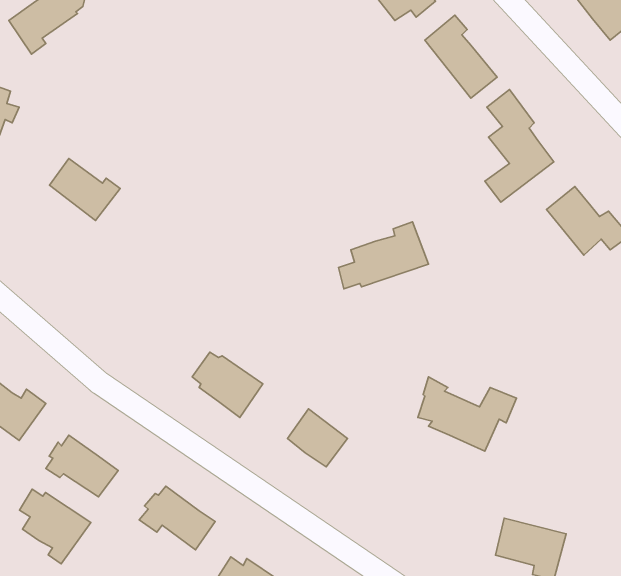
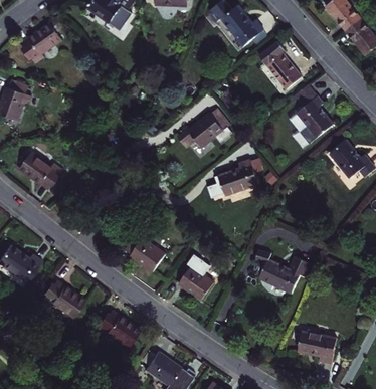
building: none -> [179,108,236,147]
building: [50,159,120,220] -> [22,153,62,188]
building: [19,489,91,564] -> none

